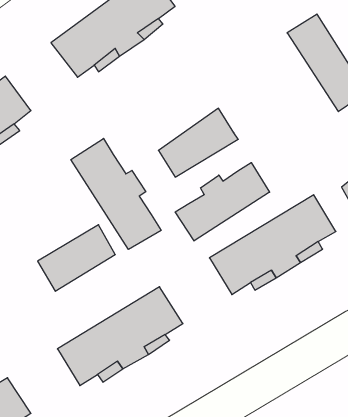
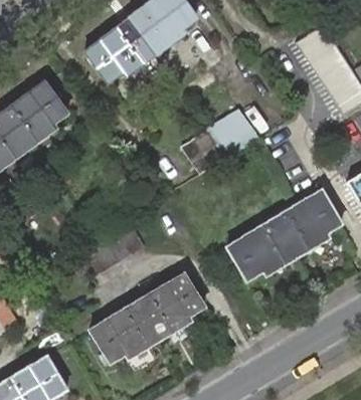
building: [71,138,161,249] -> none
building: [175,163,270,241] -> none

